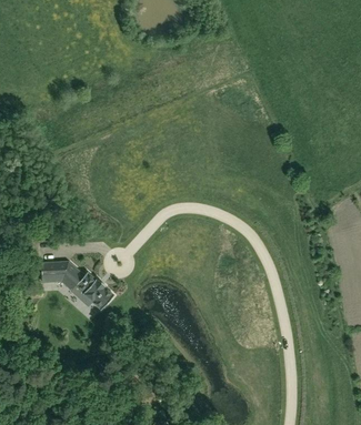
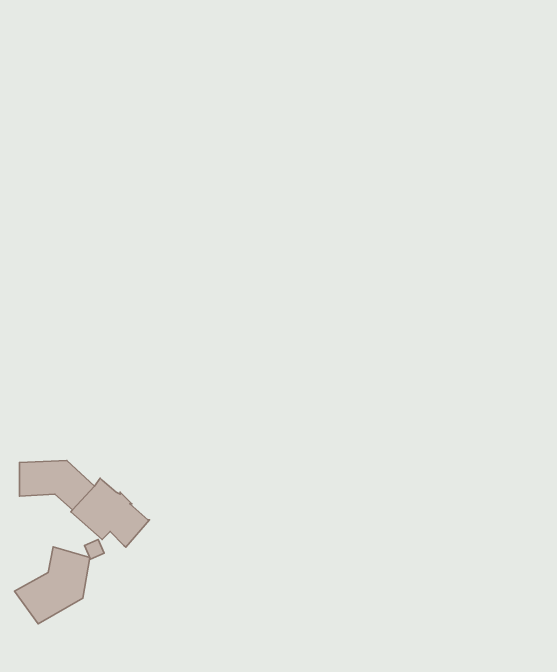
building: none -> [15,547,90,624]

